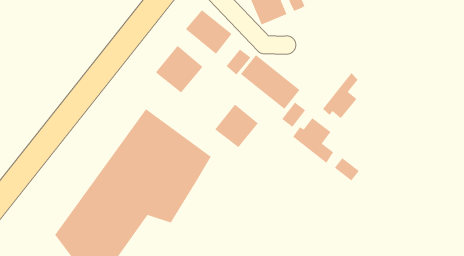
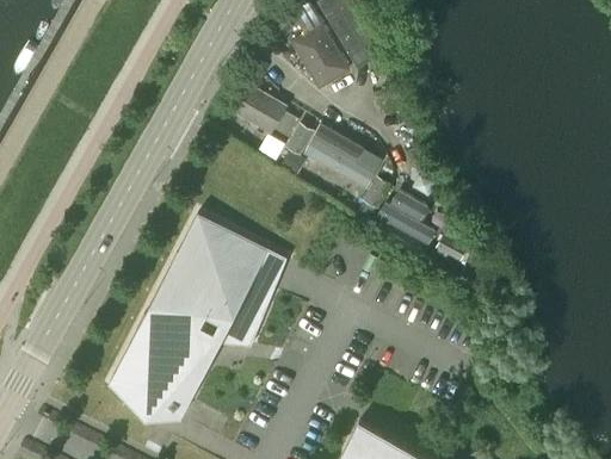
building: [155,45,203,93] -> none
building: [322,72,359,119] -> none
building: [214,103,259,148] -> none

